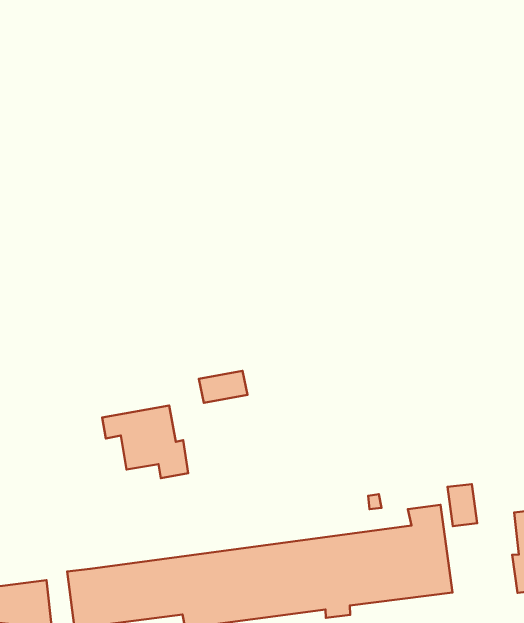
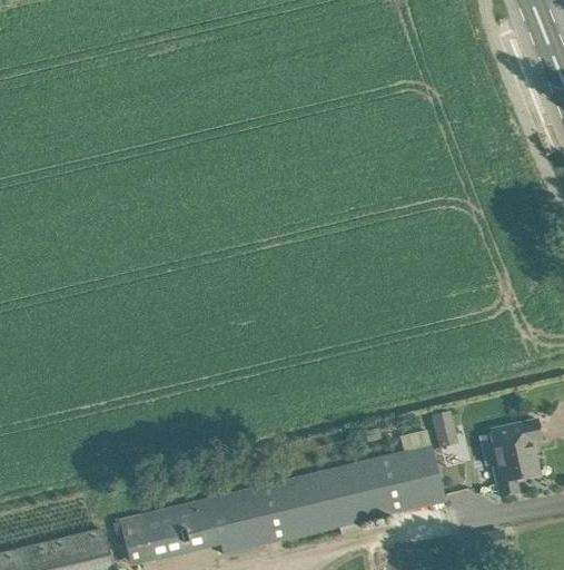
building: [199,371,247,403] -> none
building: [102,406,188,478] -> none

